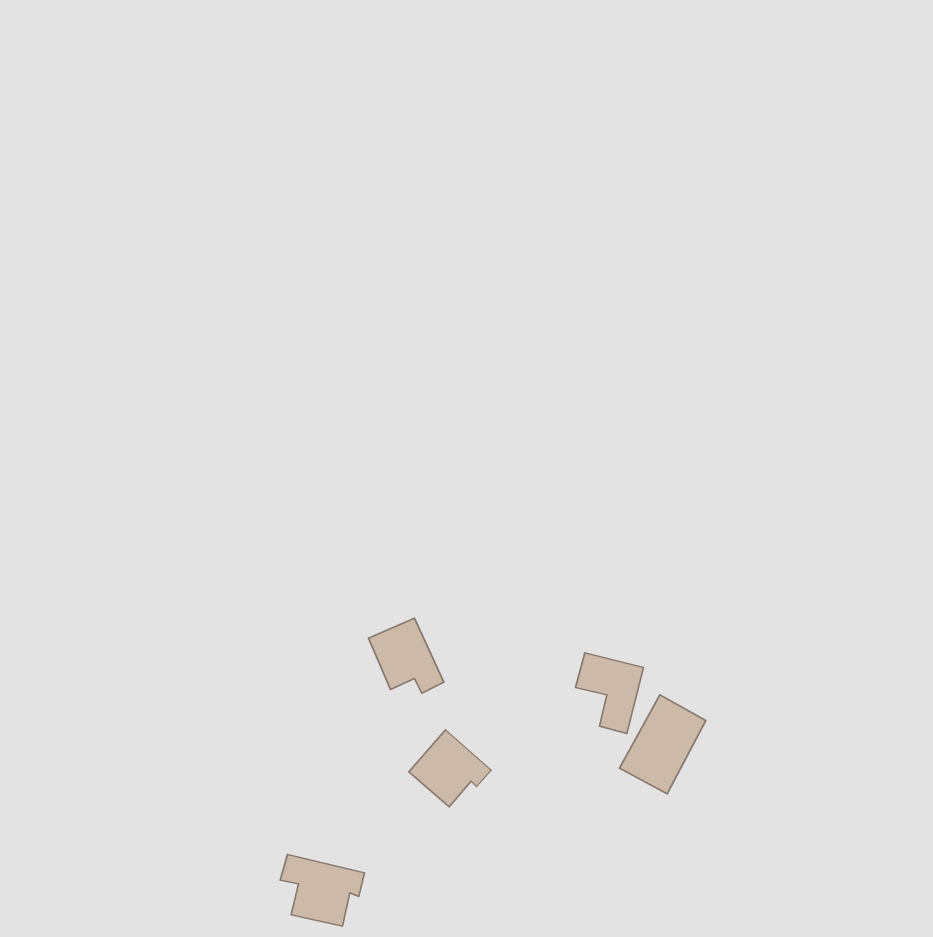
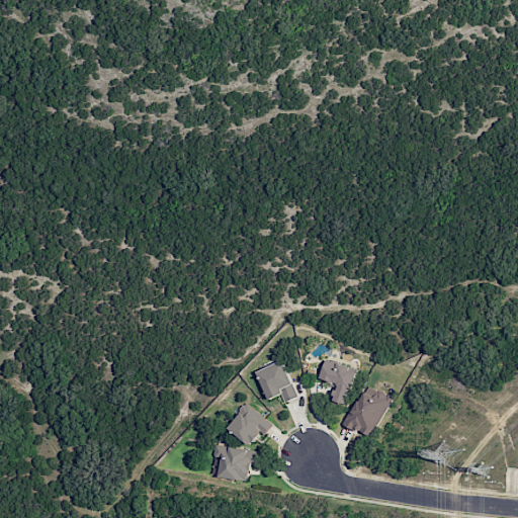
building: [369,618,444,693] -> [255,360,296,402]
building: [280,854,364,926] -> [210,442,257,482]

